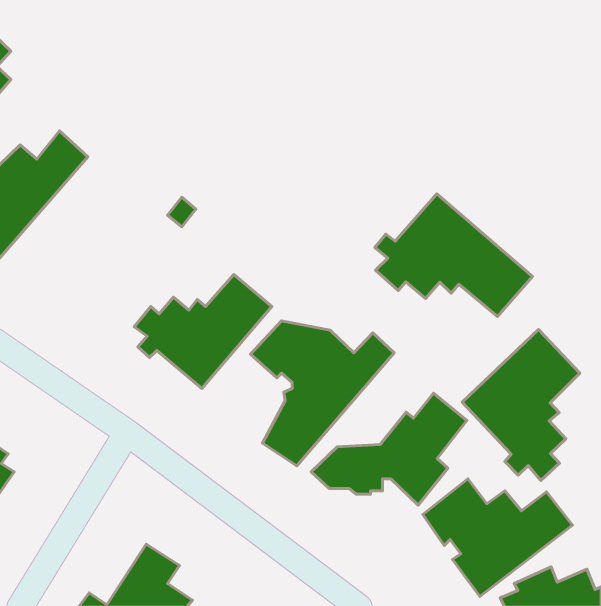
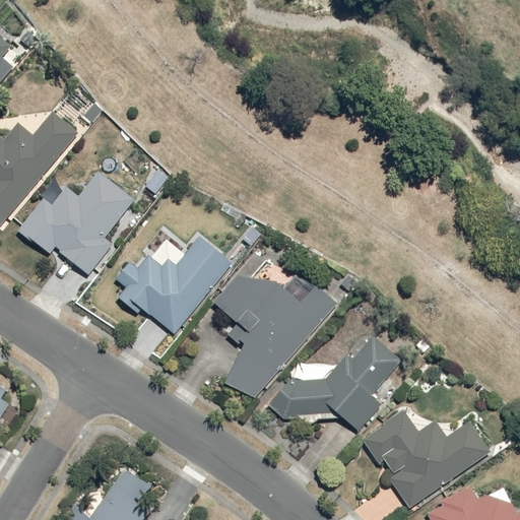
building: [375,194,533,316] -> none
building: none -> [17,173,137,271]
building: [462,329,580,480] -> none

